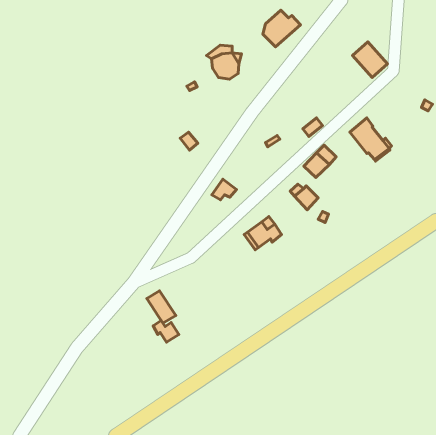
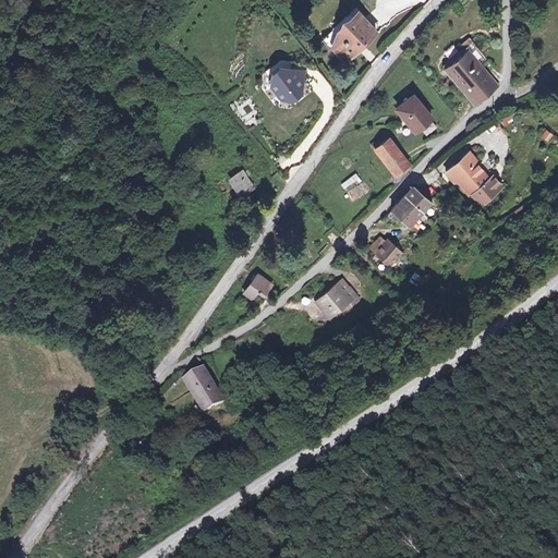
building: none -> [396,97,435,138]
building: none -> [374,136,404,166]
building: [212,179,237,200] -> [244,274,276,300]
building: [153,321,179,342] -> none

